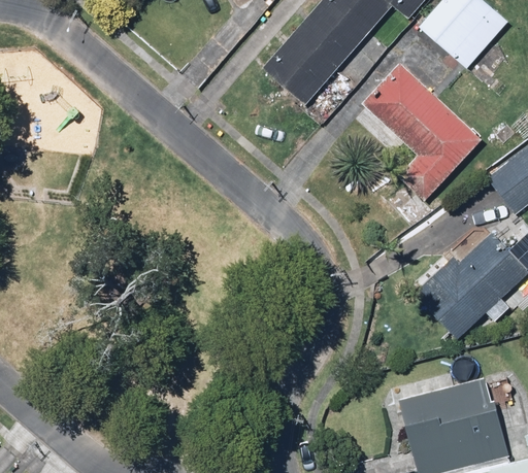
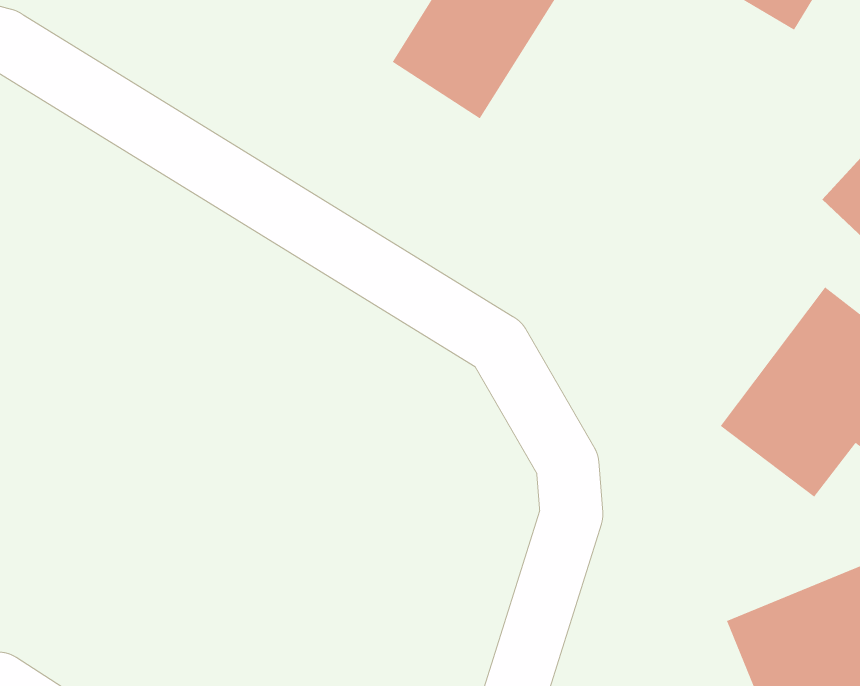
building: [362,62,480,195] -> none

